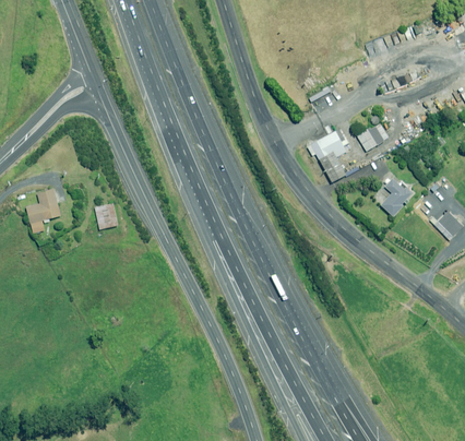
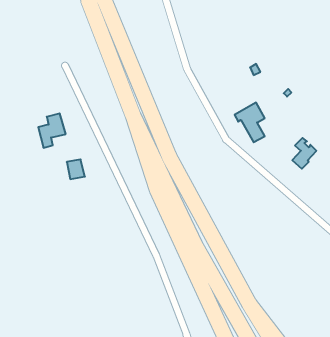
building: [357,122,389,151] -> none
building: [26,189,61,233] -> [38,113,66,148]

